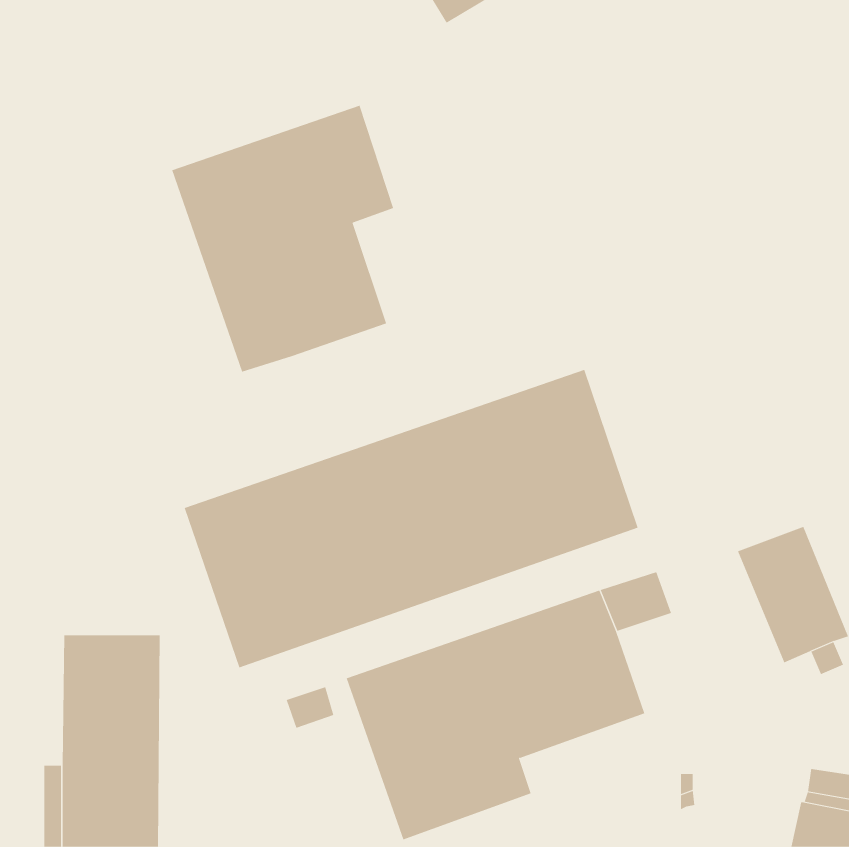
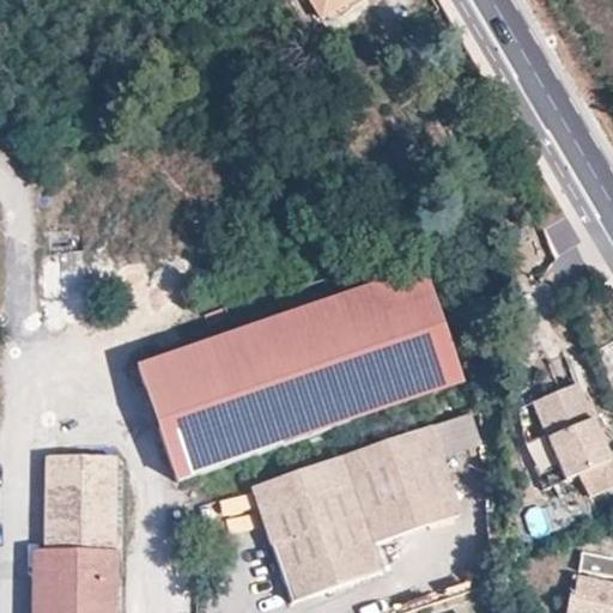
building: [171,105,394,372] -> none

